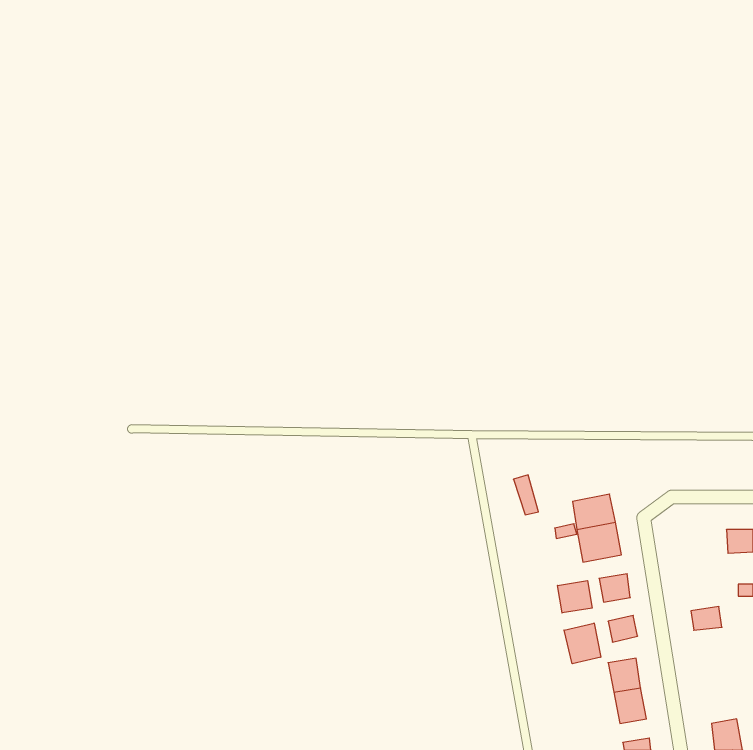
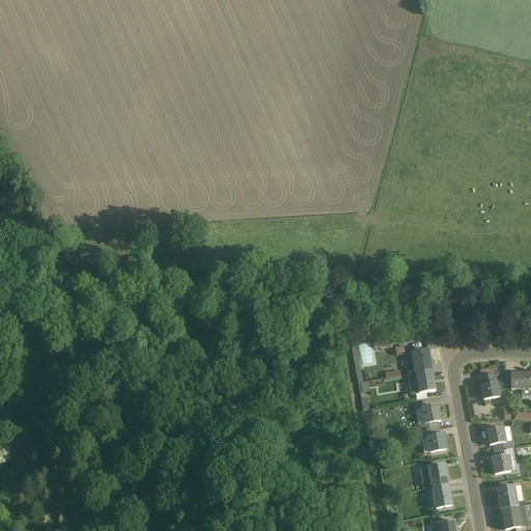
building: none -> [477,370,500,397]
building: [558,581,592,613] -> none
building: [564,623,601,664] -> none
building: none -> [490,452,512,475]
building: none -> [495,483,516,507]

